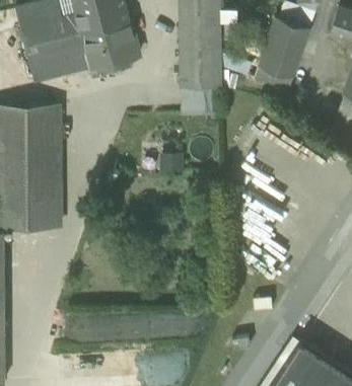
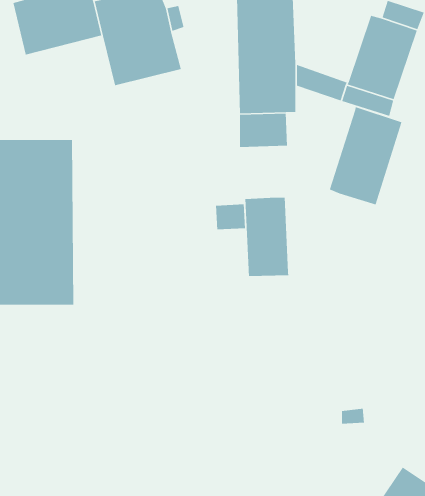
building: [24,31,89,82] -> none
building: none -> [329,106,402,206]
building: none -> [245,197,289,277]

